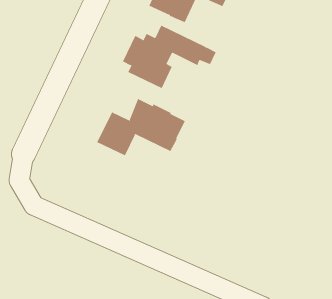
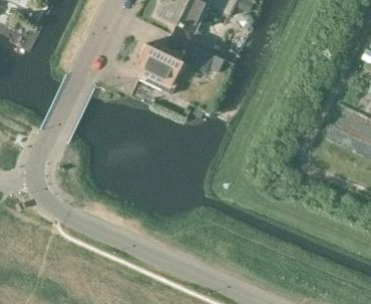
building: [97,98,186,156] -> none

